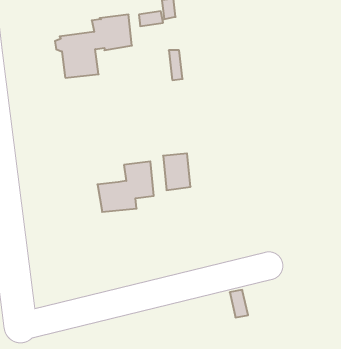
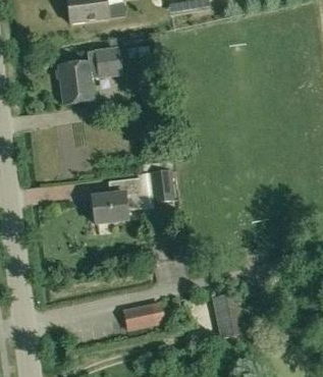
building: none -> [124,304,163,329]
building: none -> [216,313,246,339]

